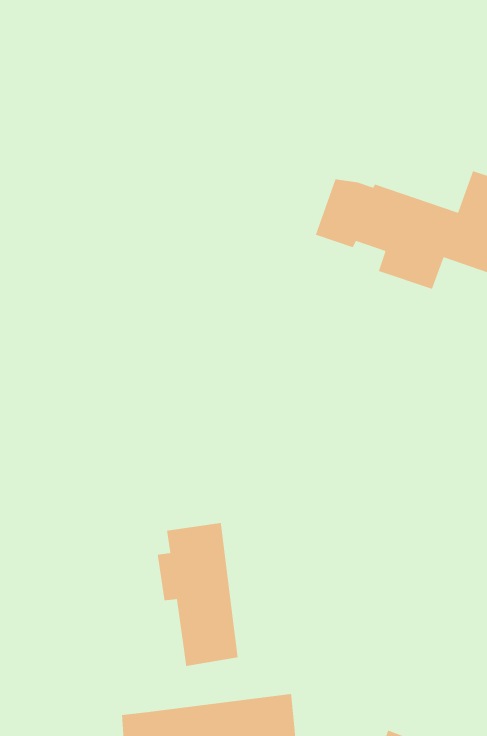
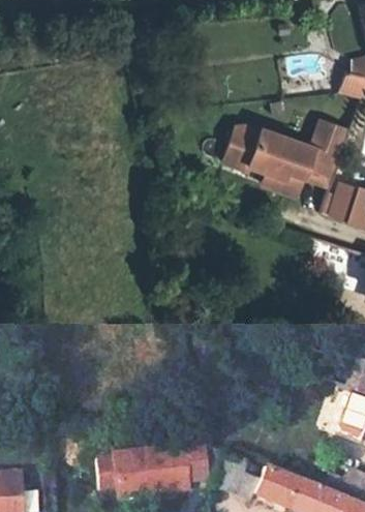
building: [157,522,238,667] -> none

